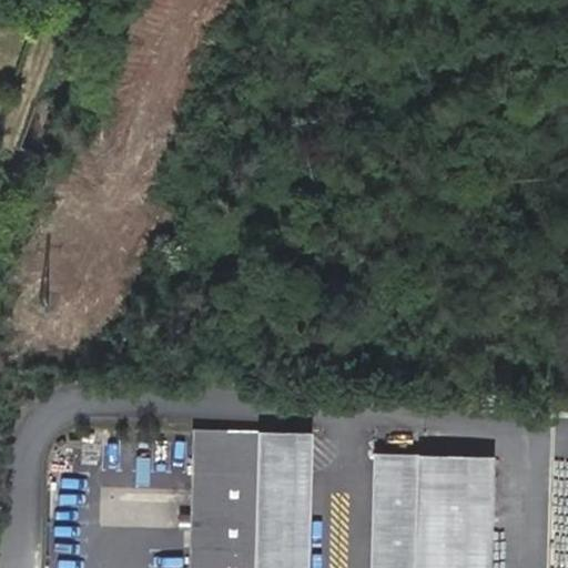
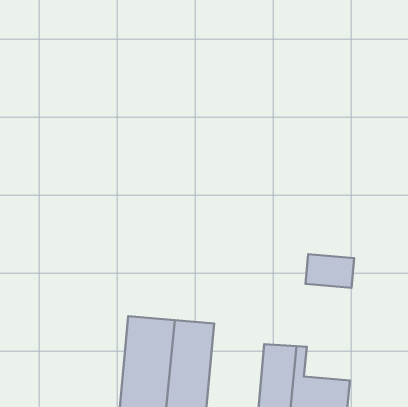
building: [429,458,490,498] -> [305,254,354,288]

